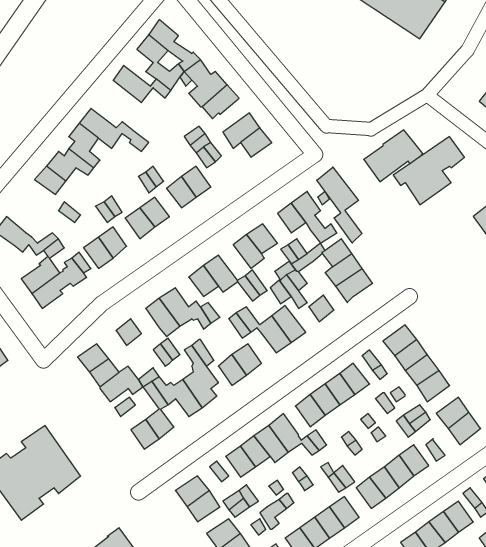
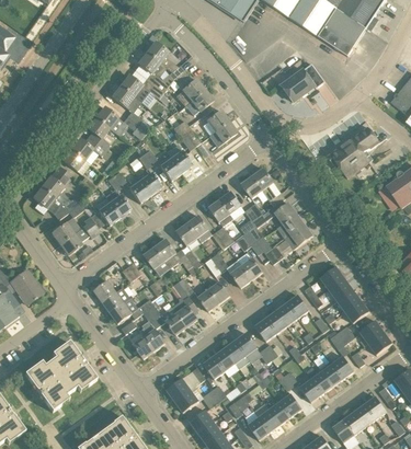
building: none -> [111,85,141,125]
building: [364,130,423,182] -> [281,62,324,101]
building: [317,167,362,243] -> none
building: none -> [41,165,72,198]

